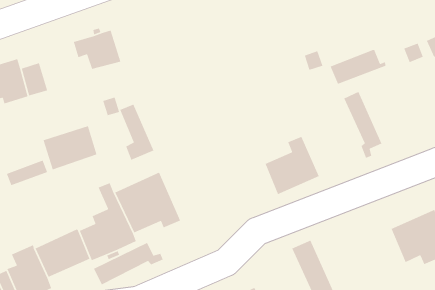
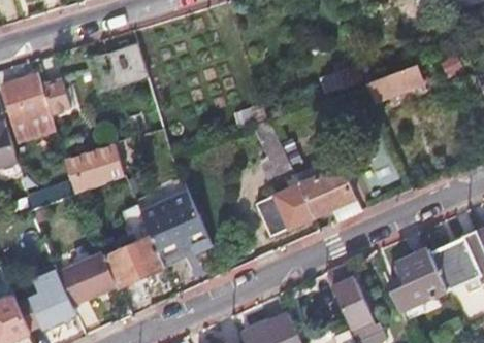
building: [343,91,383,159] -> none
building: [119,104,155,161] -> [254,121,291,180]
building: none -> [254,178,312,237]
building: none -> [389,249,446,310]
building: [93,242,164,285] -> none

